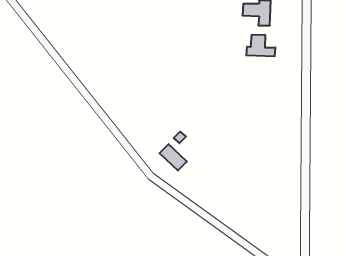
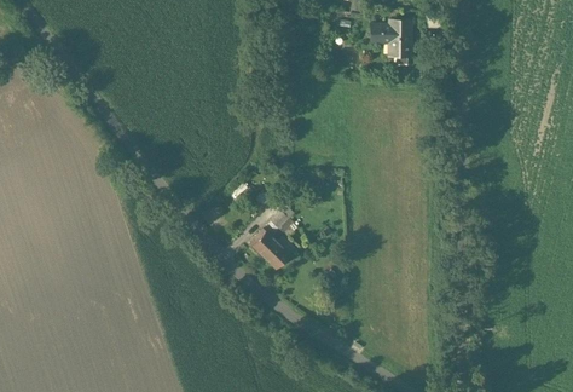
building: [246,35,275,56] -> none

